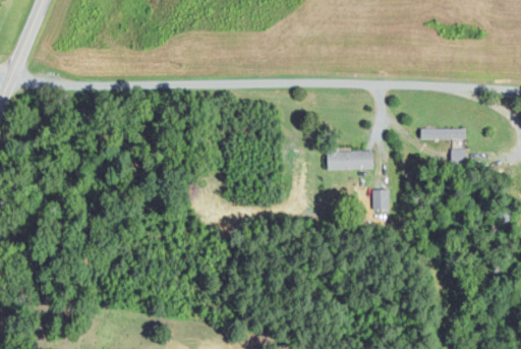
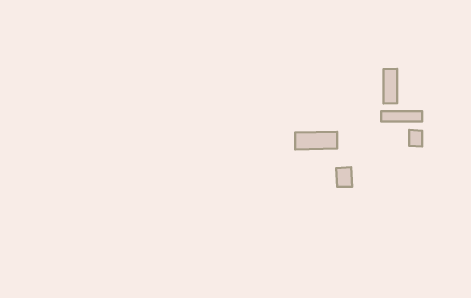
building: none -> [383,69,397,104]

